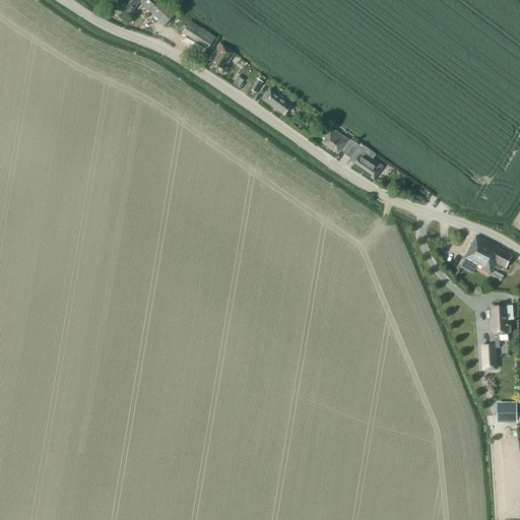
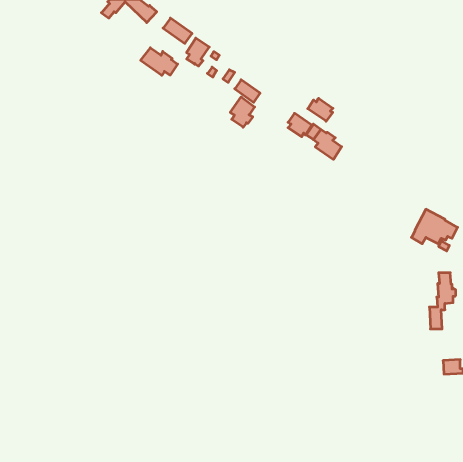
building: none -> [141,48,178,75]
building: none -> [230,97,255,127]
building: none -> [308,98,333,121]

